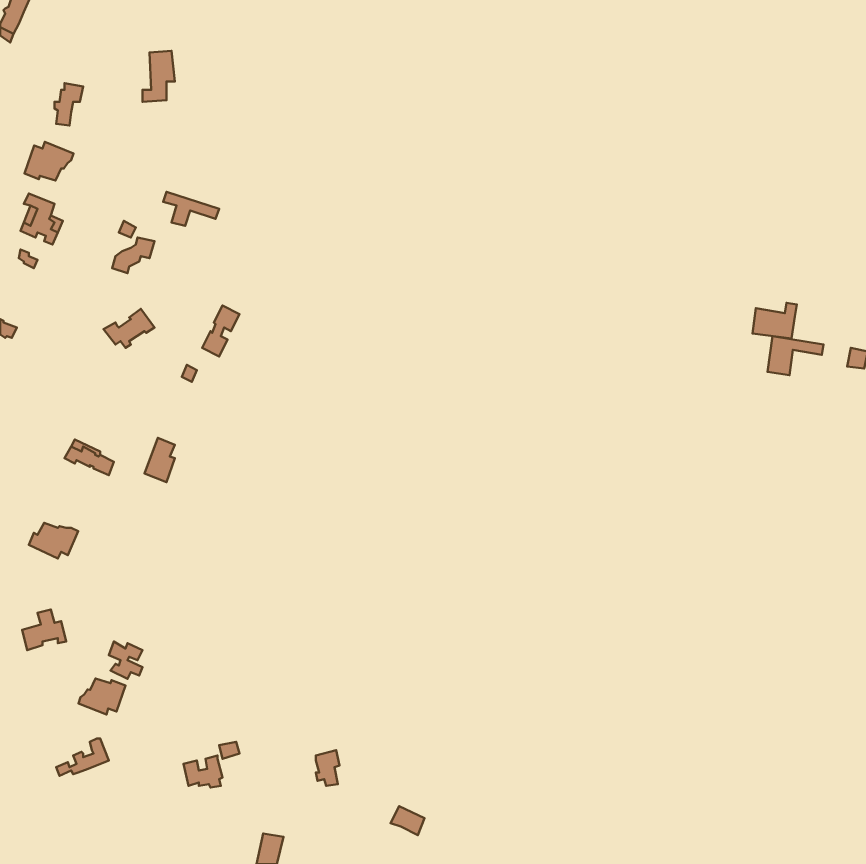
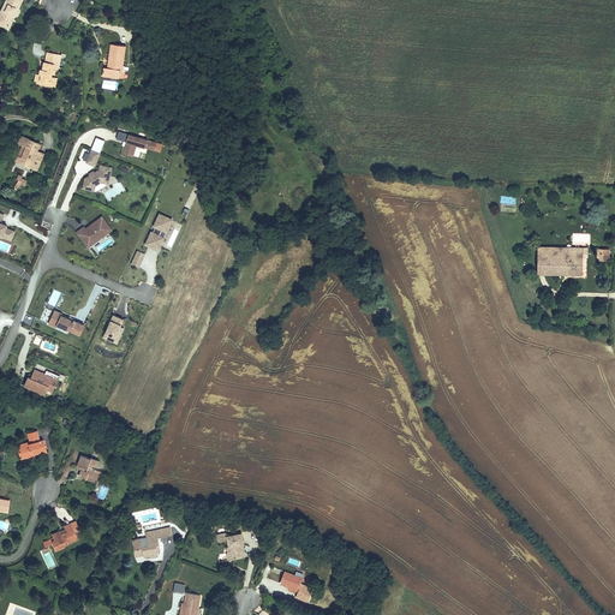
building: [24,142,73,180] -> none
building: [753,303,797,339] -> [560,244,591,269]
building: [78,679,126,715] -> none

